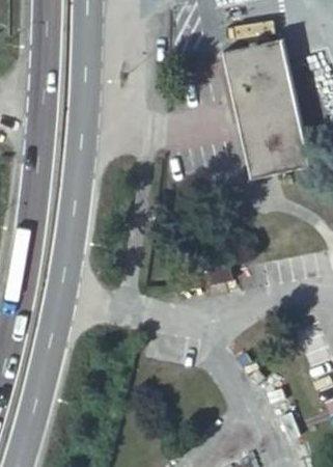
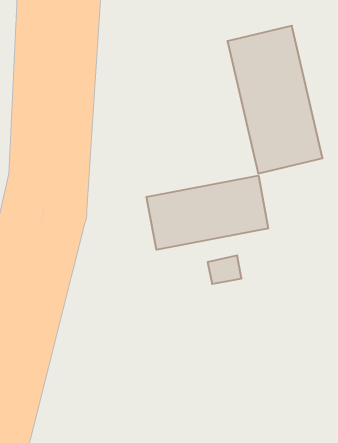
building: none -> [147,176,268,250]

